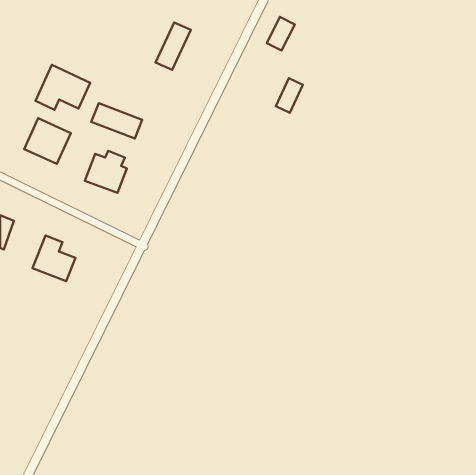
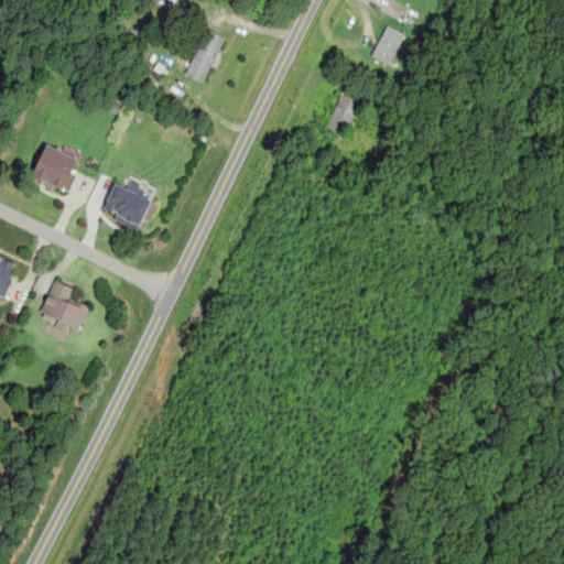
building: [267,17,295,50] -> [371,24,404,64]
building: [35,65,90,110] -> none
building: [91,103,142,138] -> none

